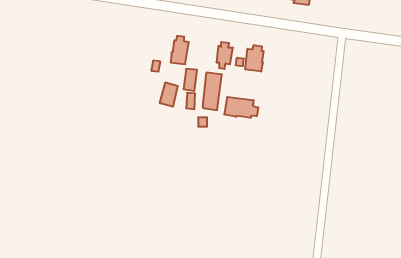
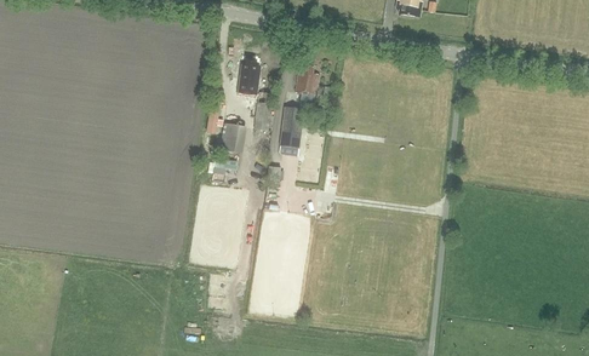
building: [245,45,263,72] -> none
building: [224,97,258,118] -> none

